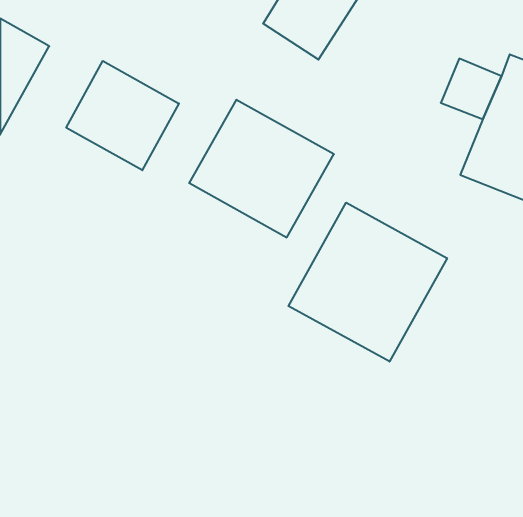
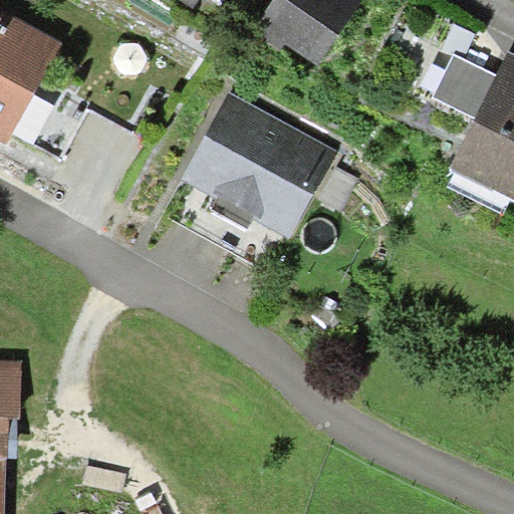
building: [66,61,179,170] -> none
building: [288,203,447,362] -> none

